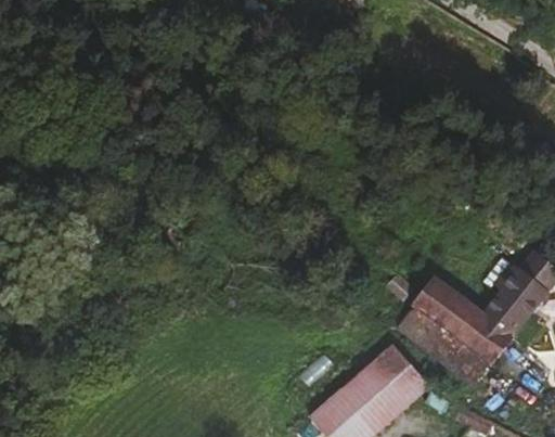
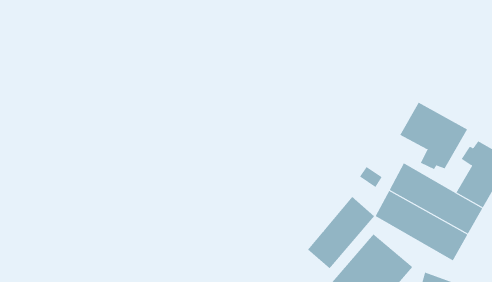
building: none -> [399,102,468,170]
building: none -> [307,196,375,269]

